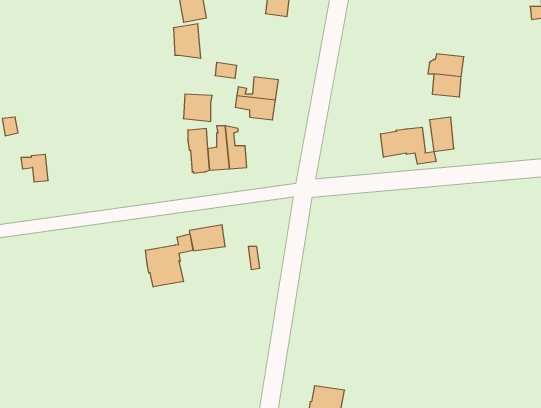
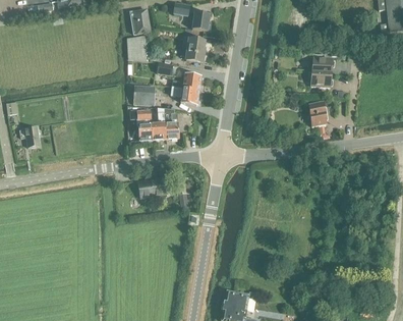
building: none -> [186,38,206,62]
building: [380,127,436,164] -> none
building: [146,234,193,287] -> none

